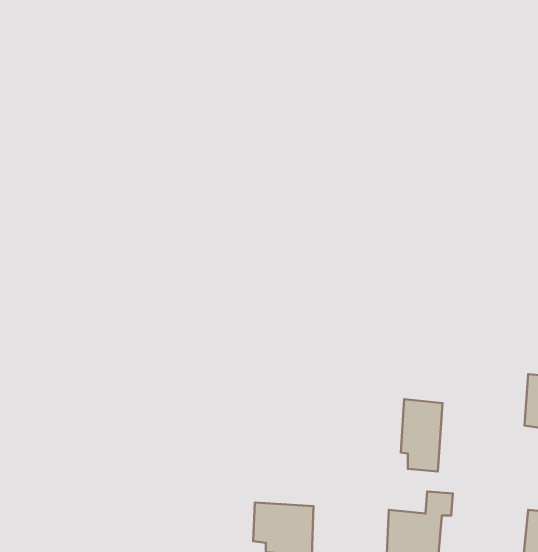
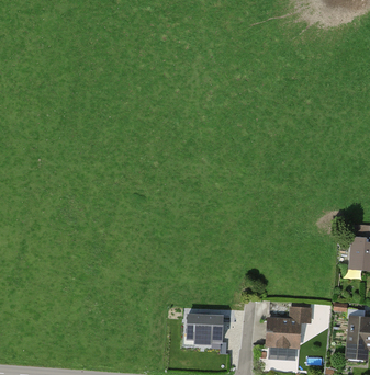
building: [401,399,443,471] -> none

